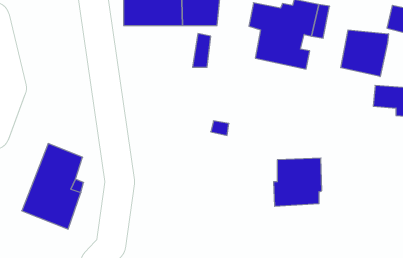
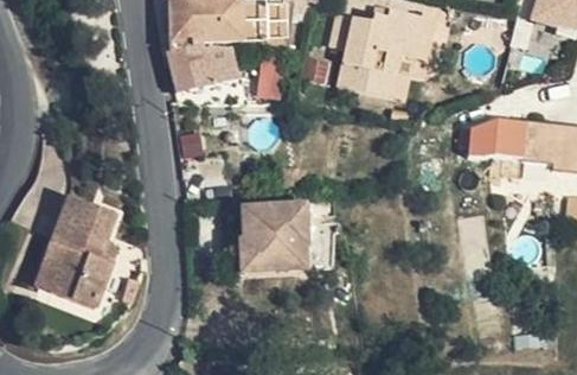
building: none -> [166,43,236,91]
building: [341,30,388,77] -> none
building: [274,158,322,206] -> [242,205,304,268]

